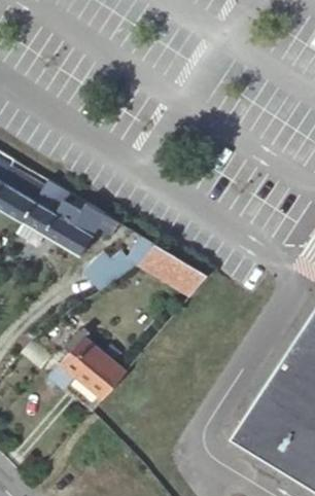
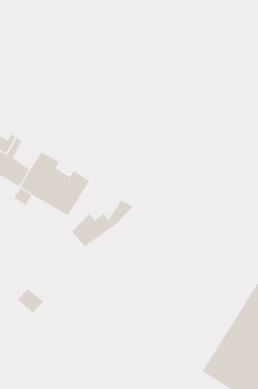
building: [139,246,211,298] -> none
building: [52,339,129,414] -> none

